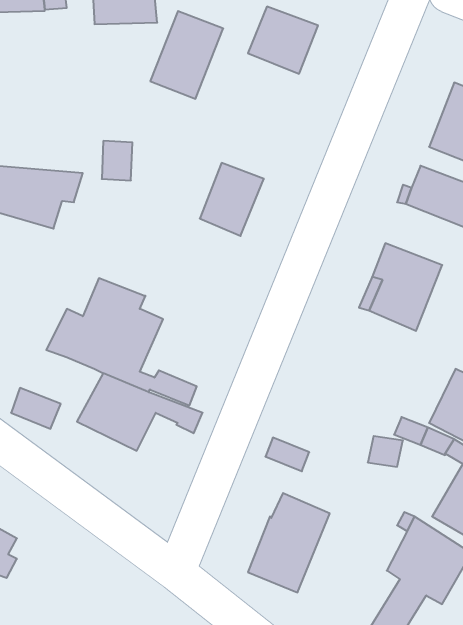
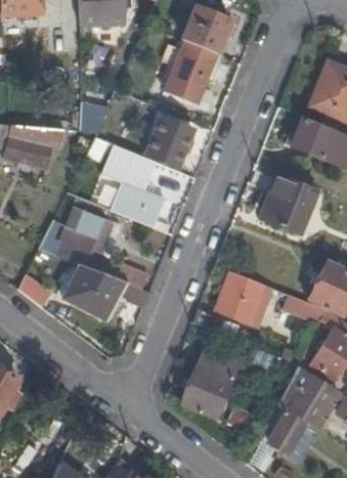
building: [150,11,223,99] -> [165,45,216,106]
building: none -> [101,145,166,228]
building: none -> [216,272,266,325]

